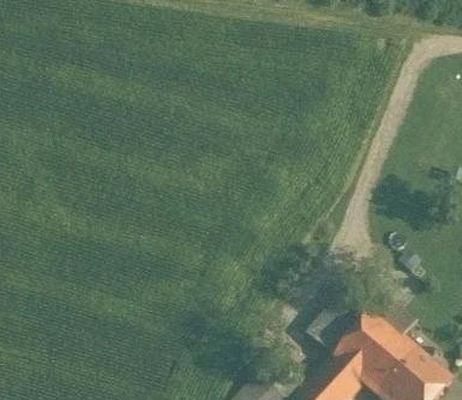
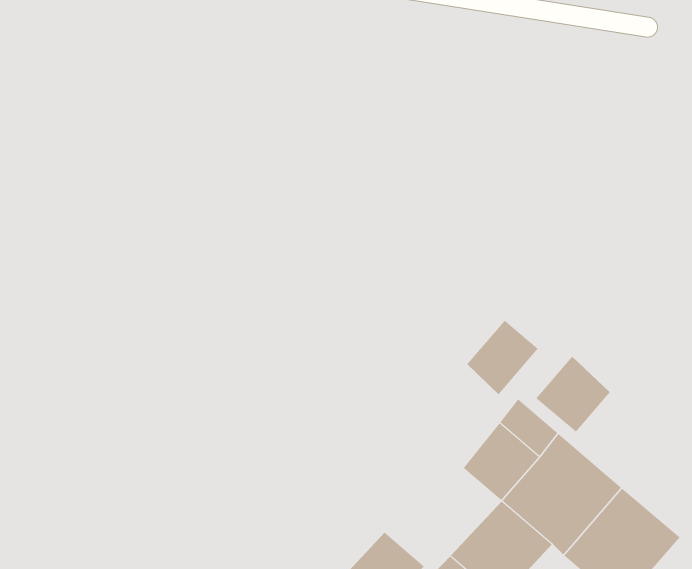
building: none -> [466,320,539,395]
building: none -> [536,356,611,432]

